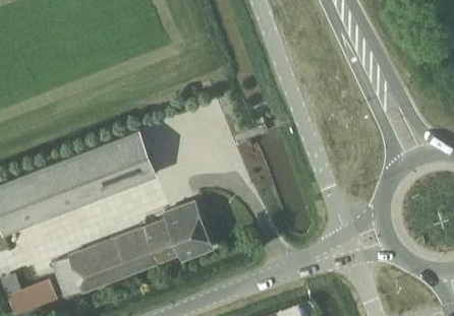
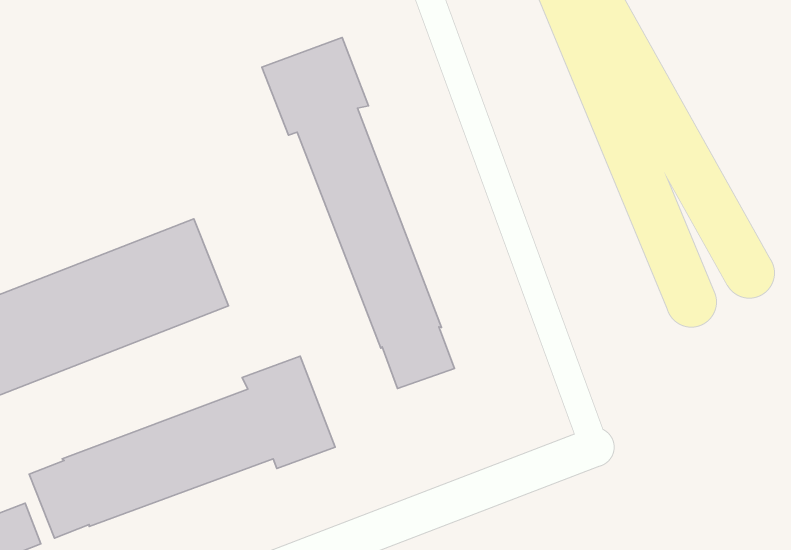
building: none -> [262,38,454,388]

